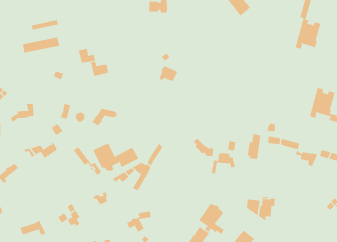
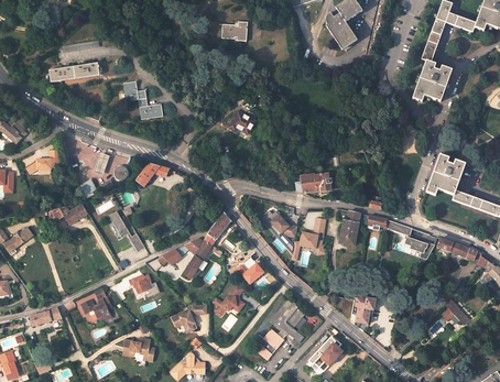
building: none -> [294,174,330,194]
building: [92,142,139,172] -> none
building: none -> [213,284,243,317]

